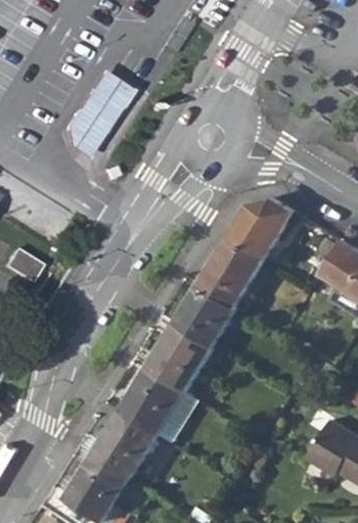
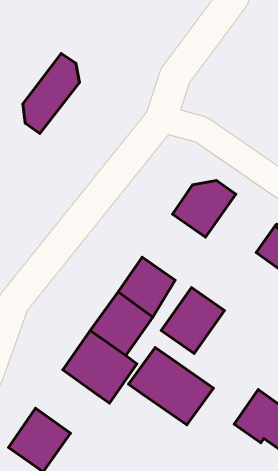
building: [196,236,263,306] -> [161,288,224,354]
building: none -> [129,348,213,425]
building: [92,410,158,477] -> none

